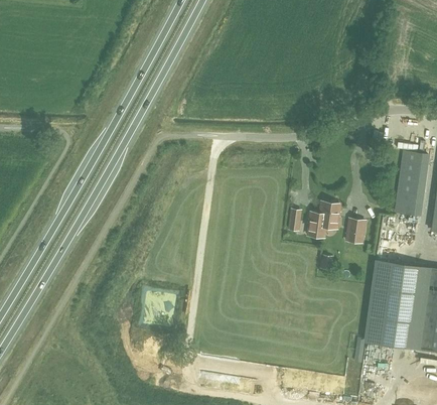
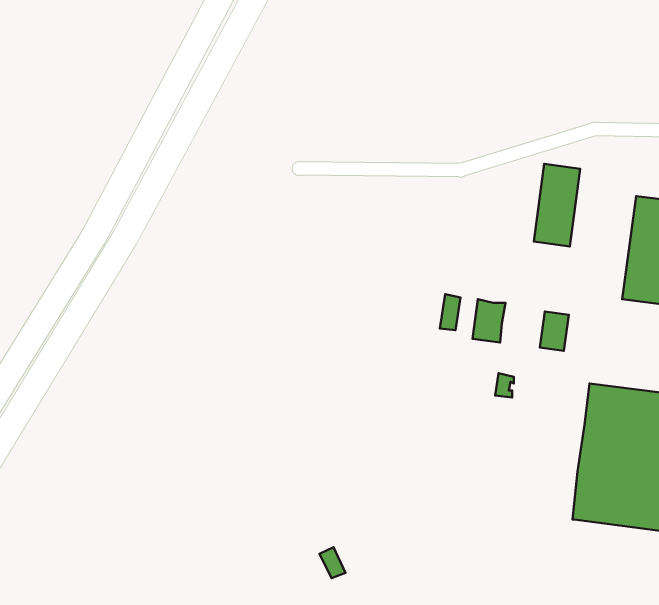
building: none -> [534,164,580,247]
building: [319,200,339,228] -> none

